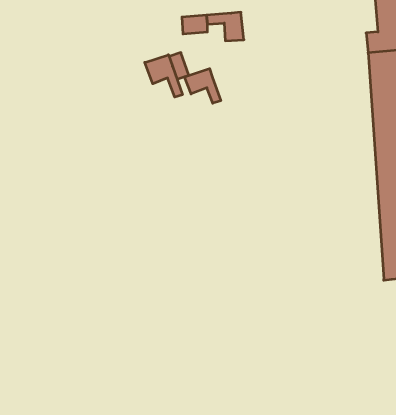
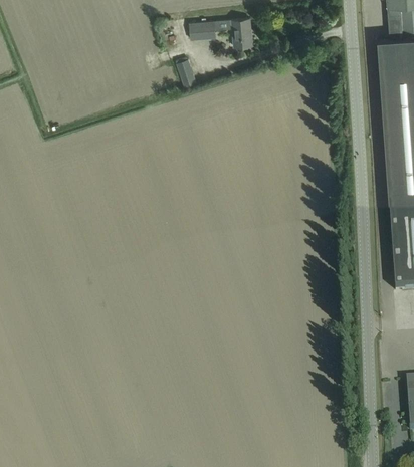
building: [145,55,182,97] -> none
building: [185,69,221,103] -> none

